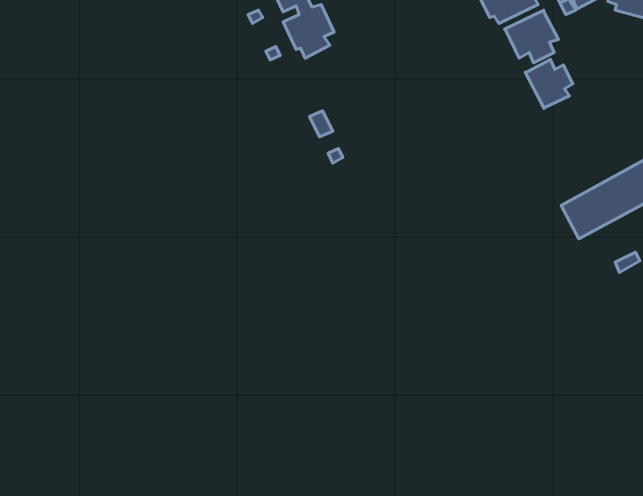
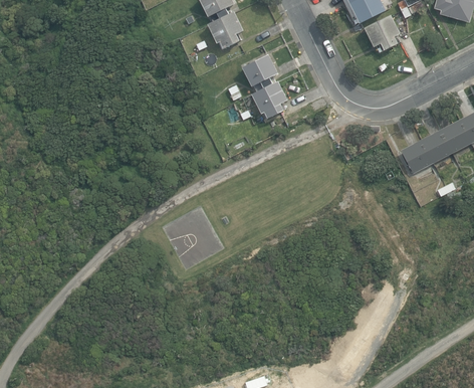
building: [525,59,573,109] -> none
building: none -> [243,54,288,118]

